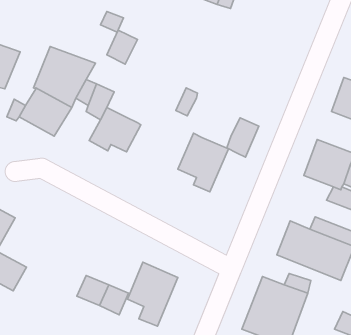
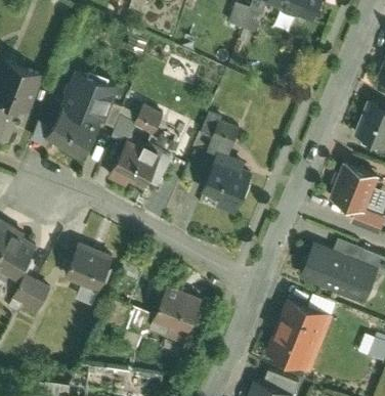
building: [107,30,138,64] -> [132,107,163,141]
building: [227,118,259,157] -> [208,123,240,162]
building: none -> [67,246,113,294]

